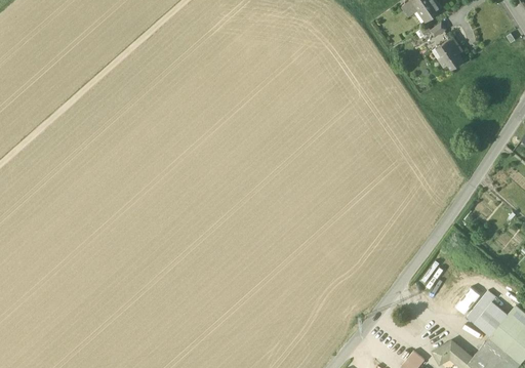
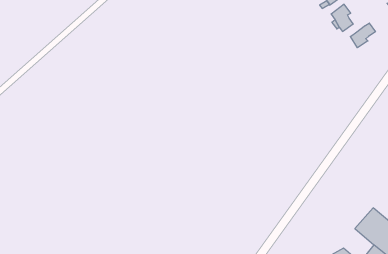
building: none -> [350,23,375,48]

